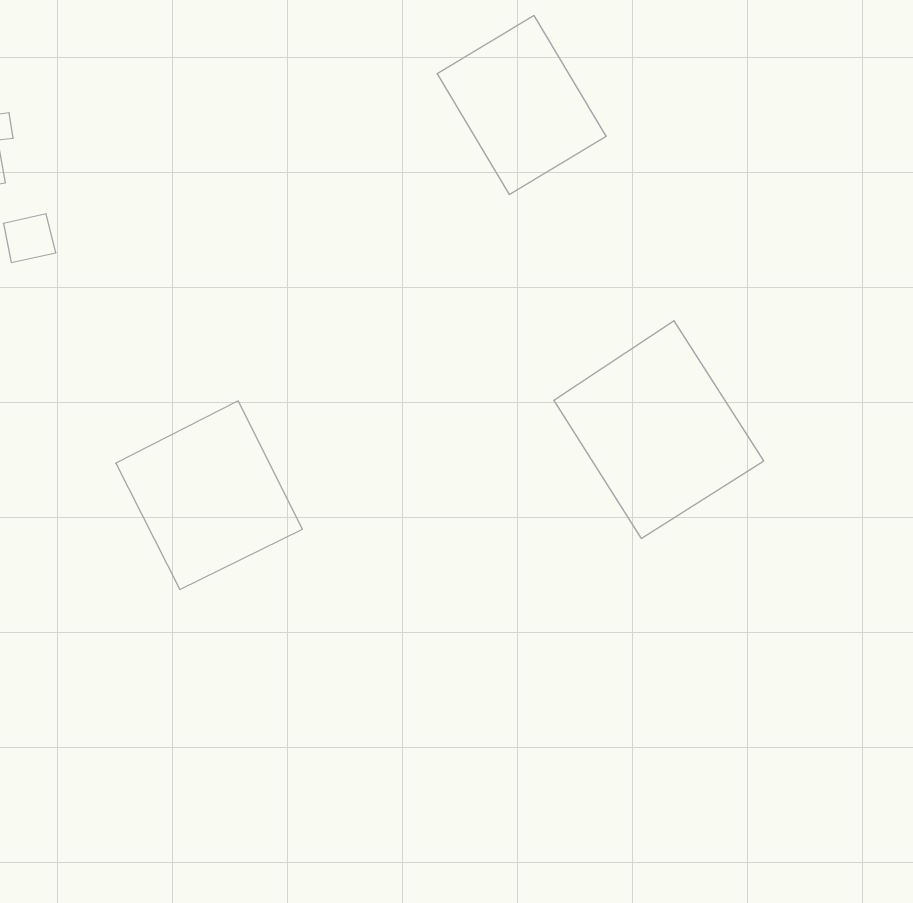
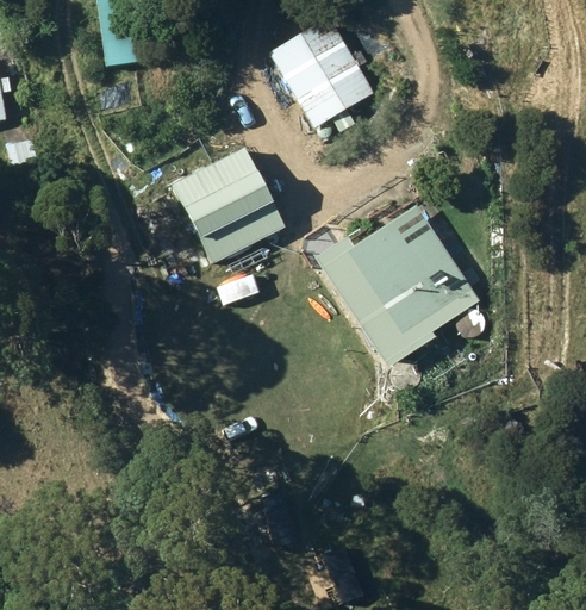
building: [116,401,302,590] -> [167,151,281,267]

